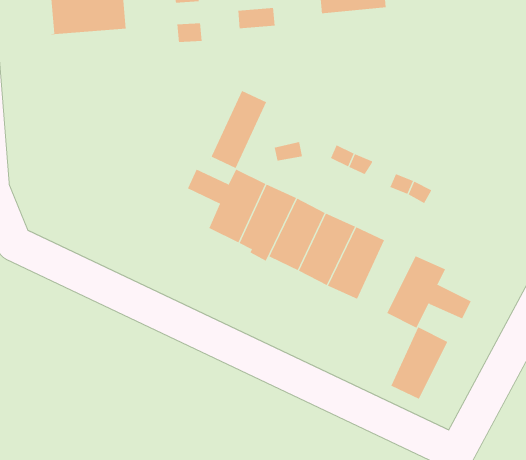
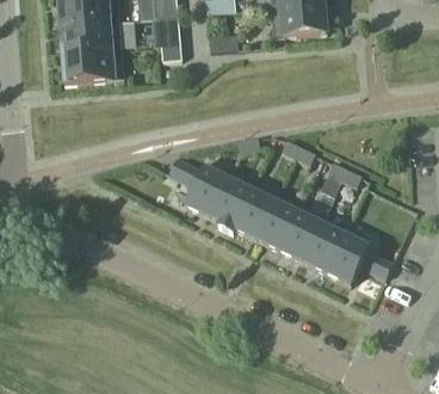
building: none -> [61,50,123,85]
building: [210,90,267,169] -> none
building: [390,327,448,400] -> [302,216,347,273]

